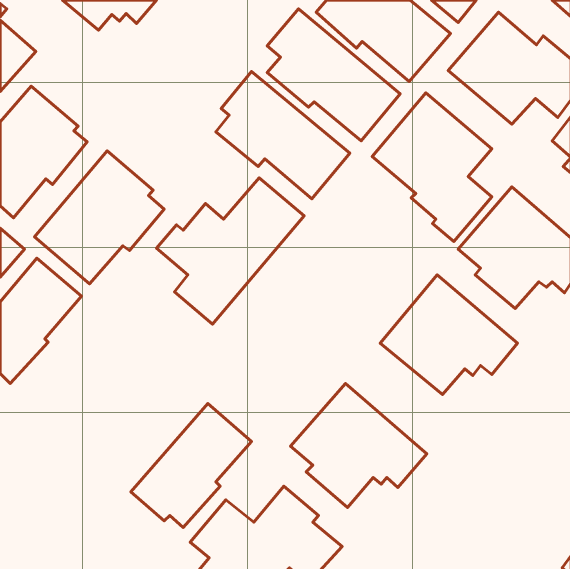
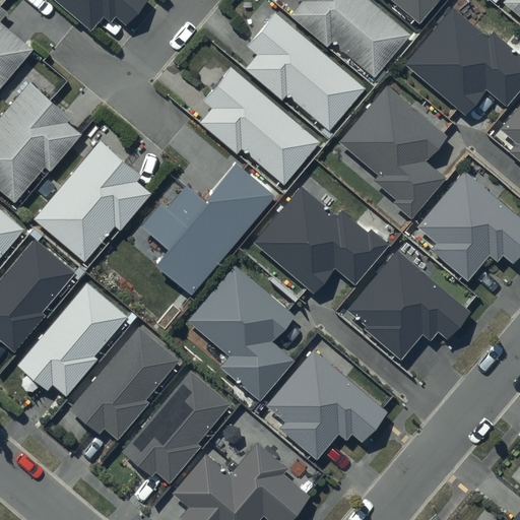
building: none -> [254,188,391,296]
building: none -> [188,267,296,402]
building: none -> [16,280,127,395]
building: none -> [68,325,179,438]

